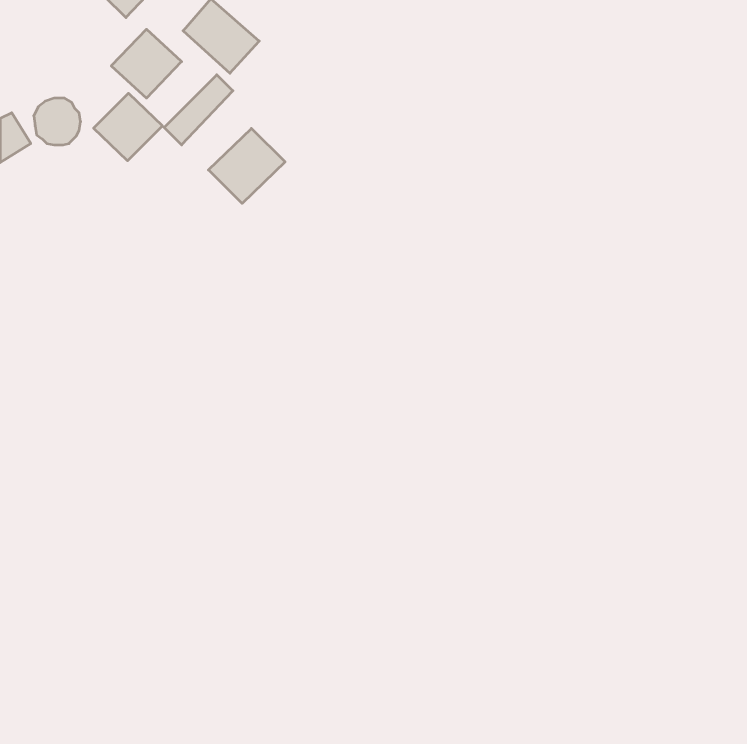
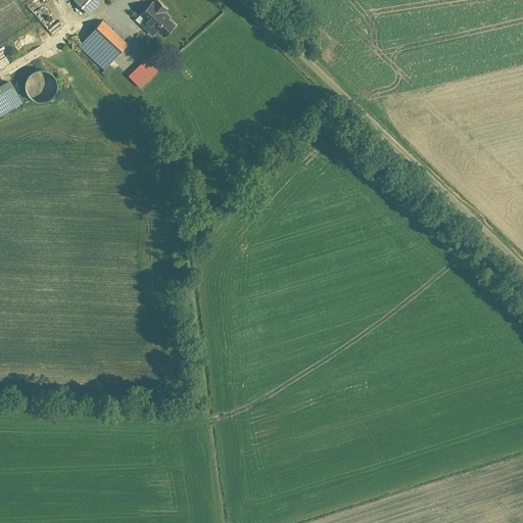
building: [94,93,162,161] -> none
building: [208,128,285,203] -> none

